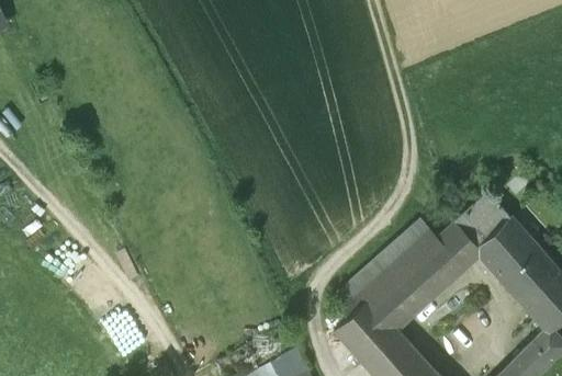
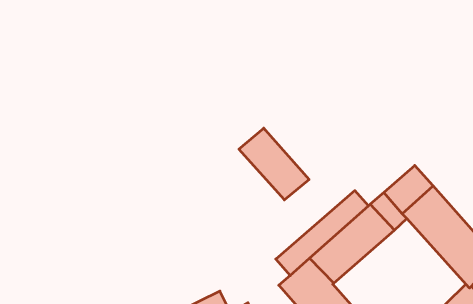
building: none -> [239,128,309,200]

